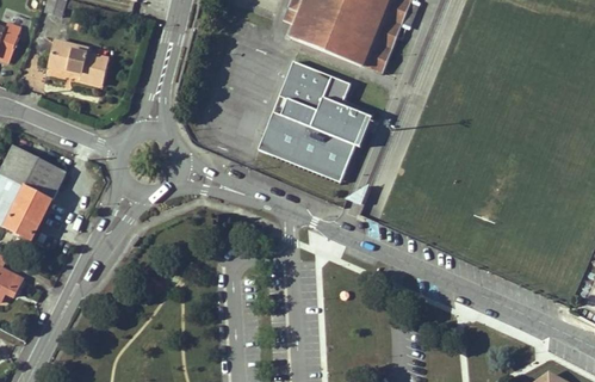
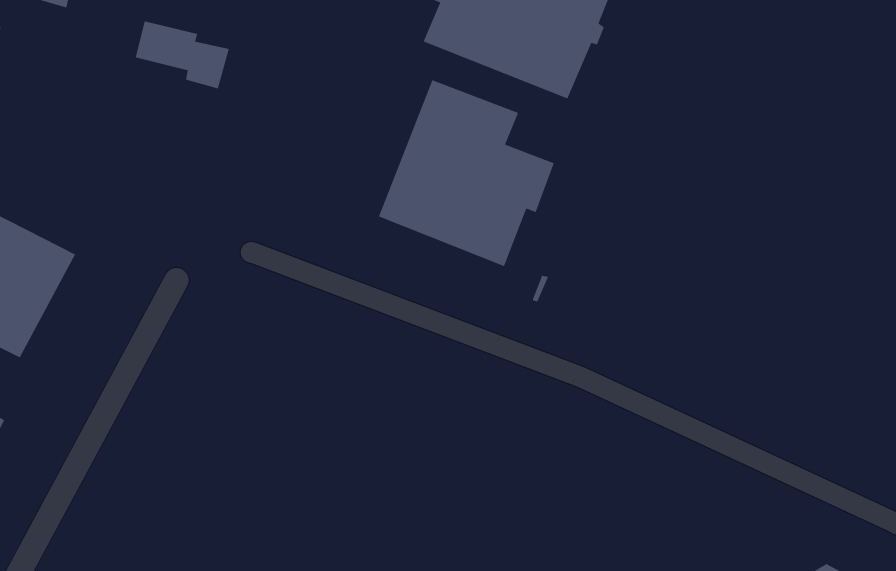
building: [48,38,109,82] -> [135,21,230,90]

